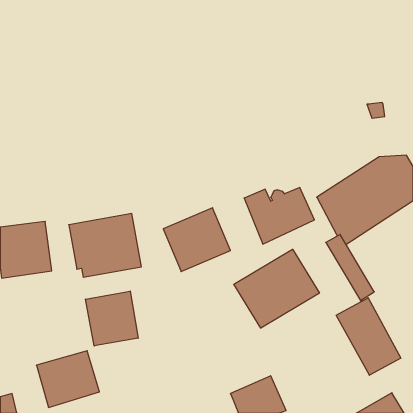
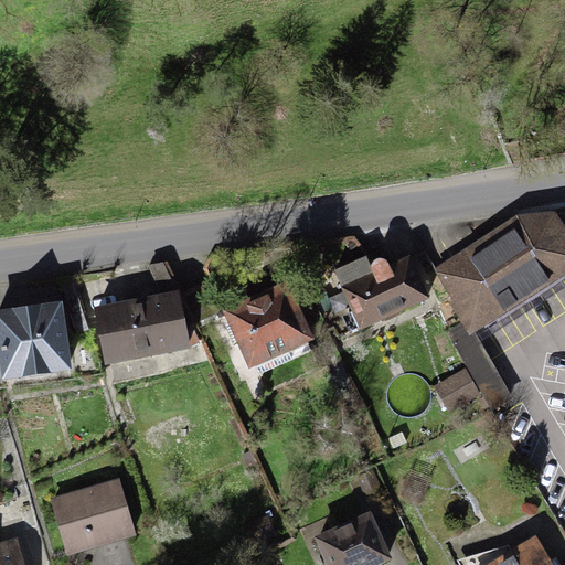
building: [234,249,319,328] -> none
building: none -> [433,369,480,413]
building: [86,291,138,346] -> none
building: [336,298,401,375] -> none

